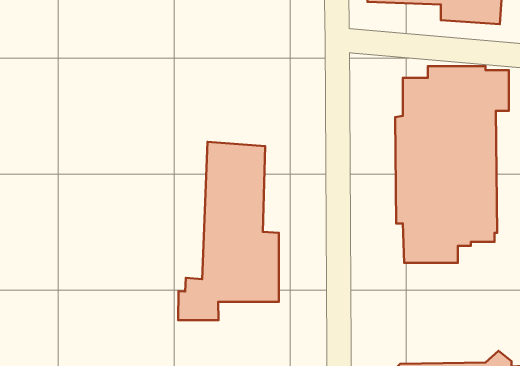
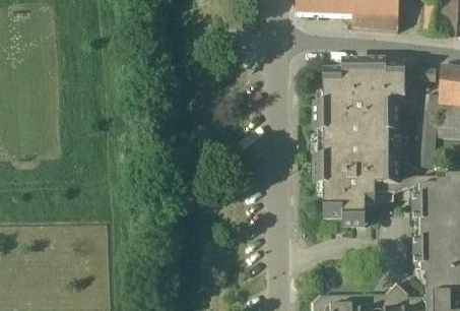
building: [178,142,279,320] -> none

